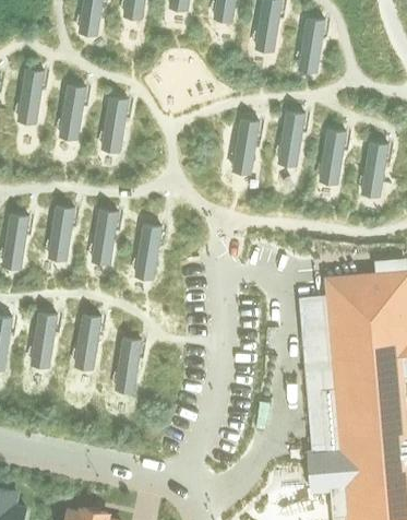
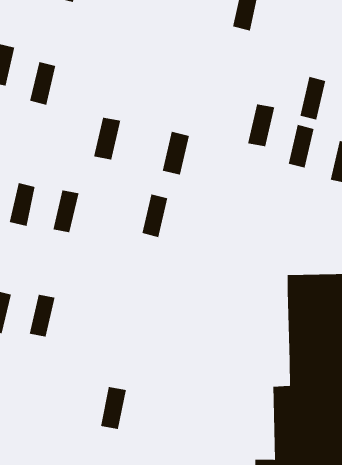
building: [300,20,324,63] -> [300,76,326,121]
building: [103,99,128,142] -> [93,117,121,160]
building: [234,121,259,165] -> [162,131,190,176]
building: [136,226,160,270] -> [142,193,168,238]
building: [117,340,141,382] -> [100,386,127,430]

